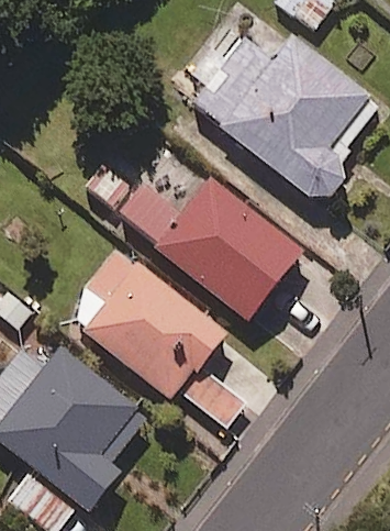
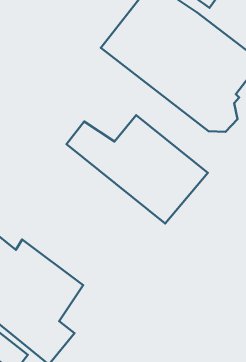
building: [74,246,230,399] -> none

